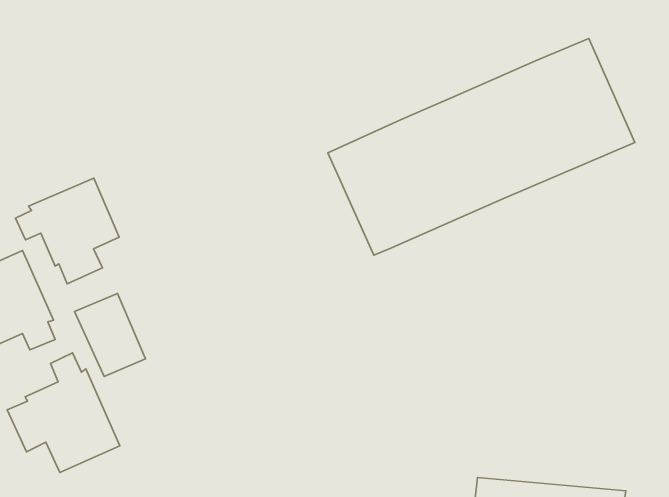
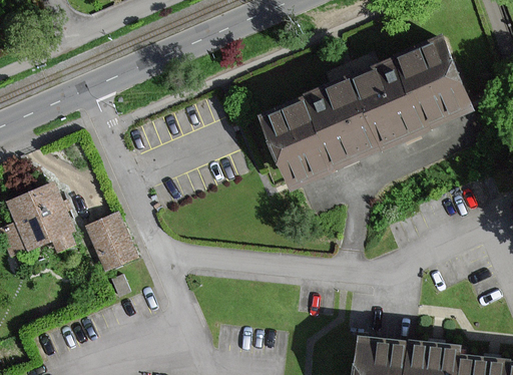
building: [15,178,119,284] -> none
building: [7,353,120,473] -> none

